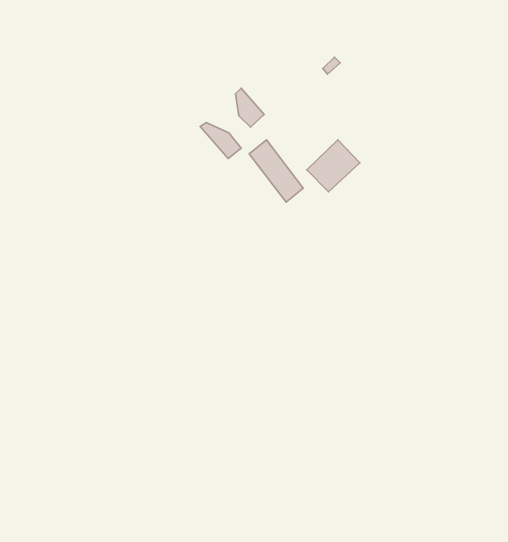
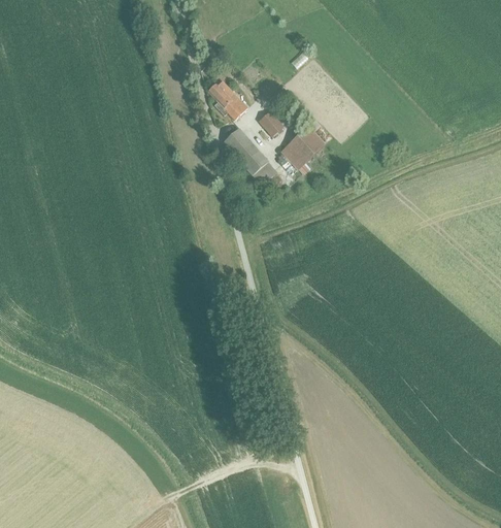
building: none -> [256,110,285,139]
building: [200,122,241,159] -> none

